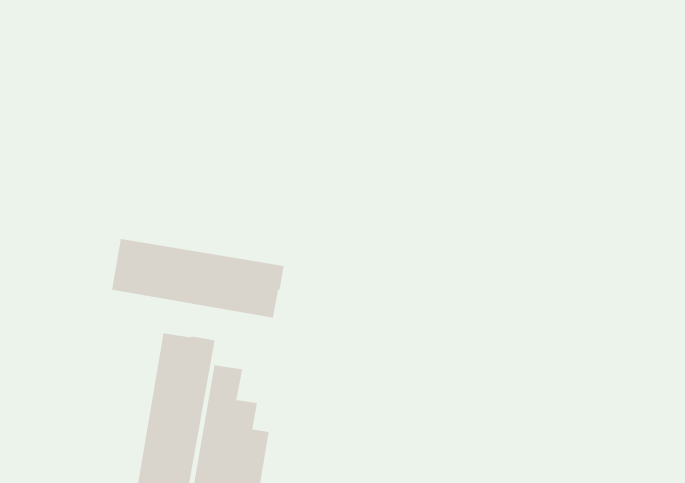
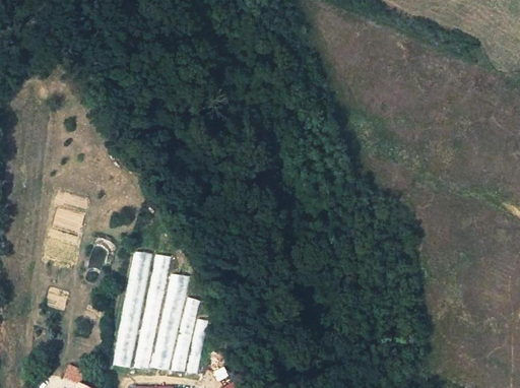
building: [111,238,284,318] -> none

